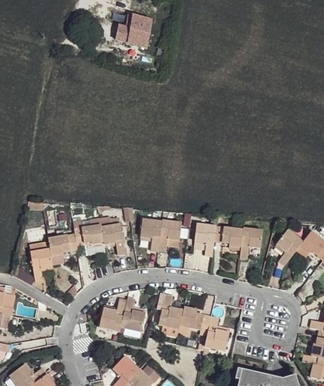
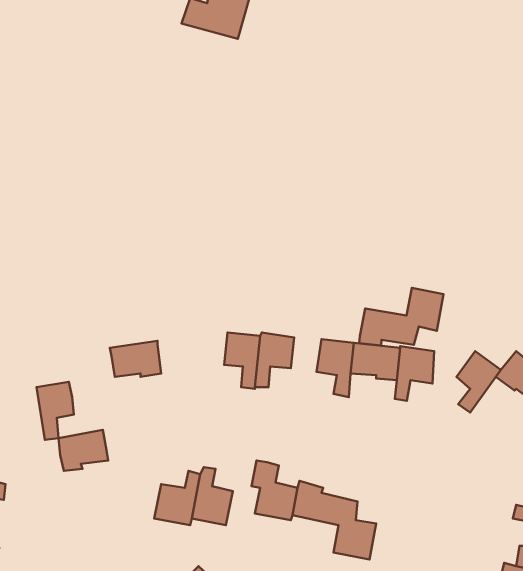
building: none -> [359,288,444,345]
building: [101,223,125,256] -> none
building: [48,233,77,257] -> [59,430,108,471]

